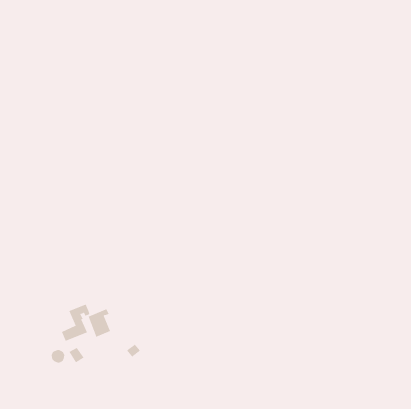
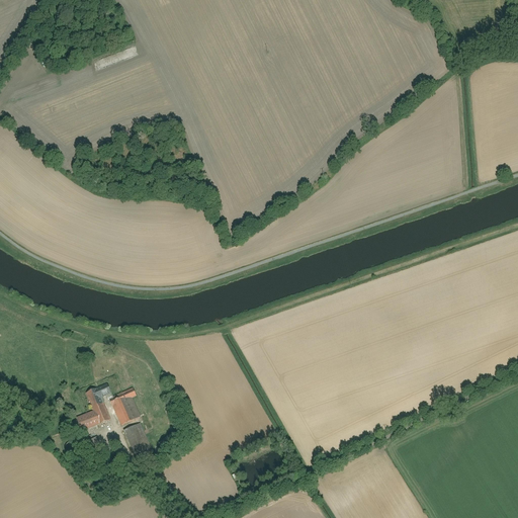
building: none -> [123,423,152,457]

